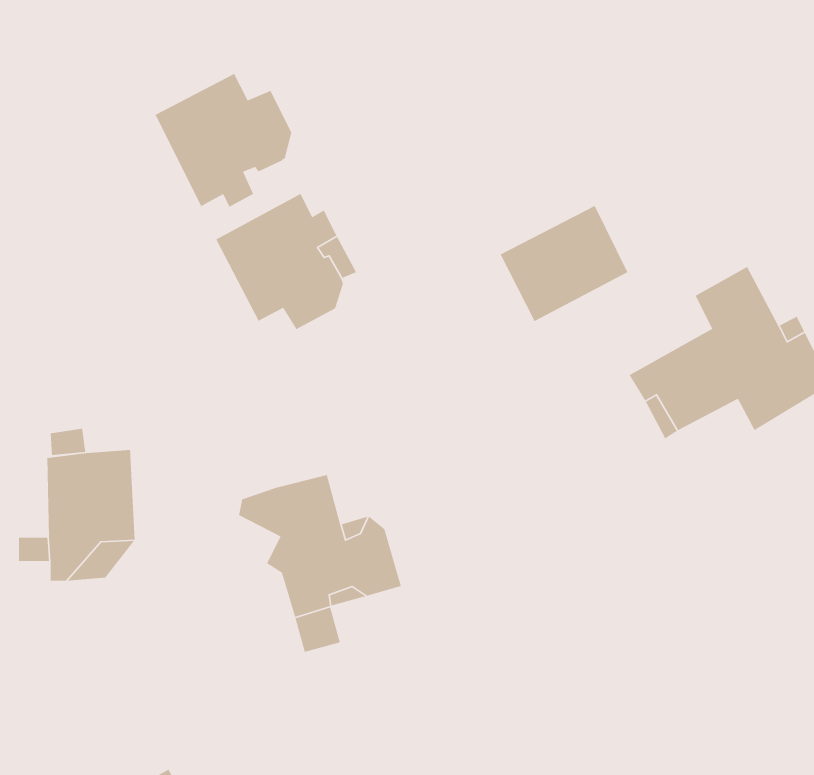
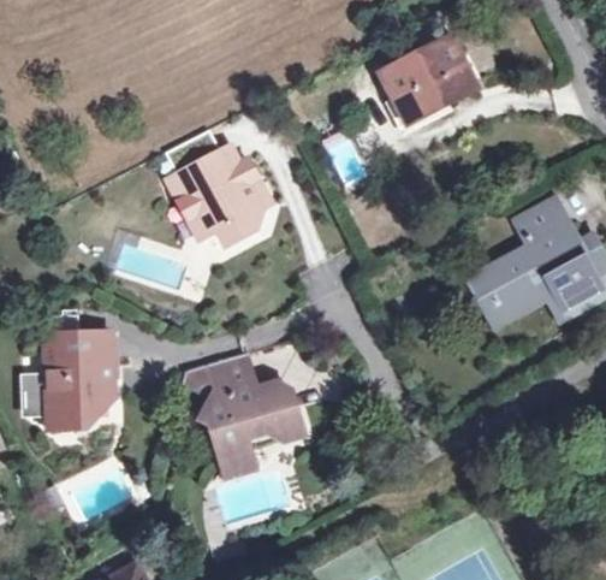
building: [154,73,292,208] -> none
building: [499,205,628,322] -> [380,40,474,125]

